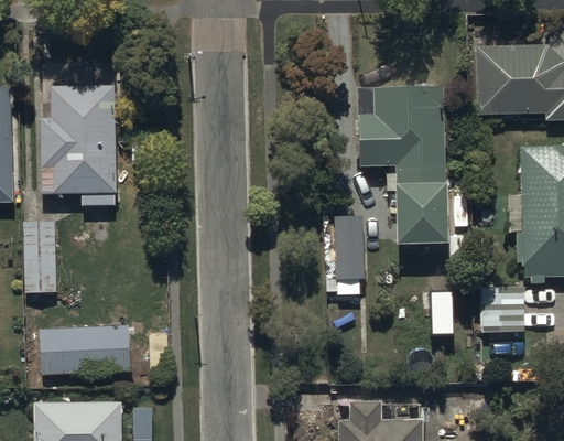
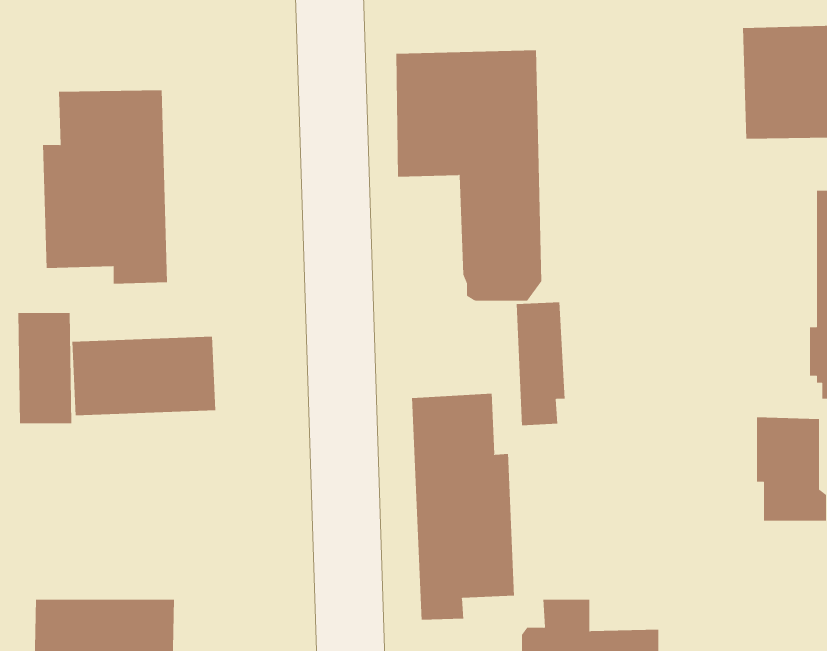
building: [356,86,447,243] -> [395,50,542,301]
building: none -> [412,393,514,621]
building: [40,325,130,375] -> [71,336,216,416]

